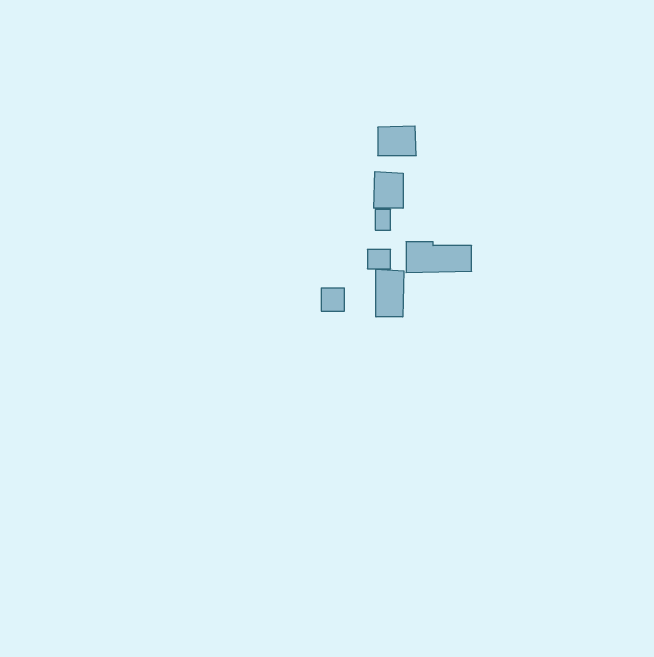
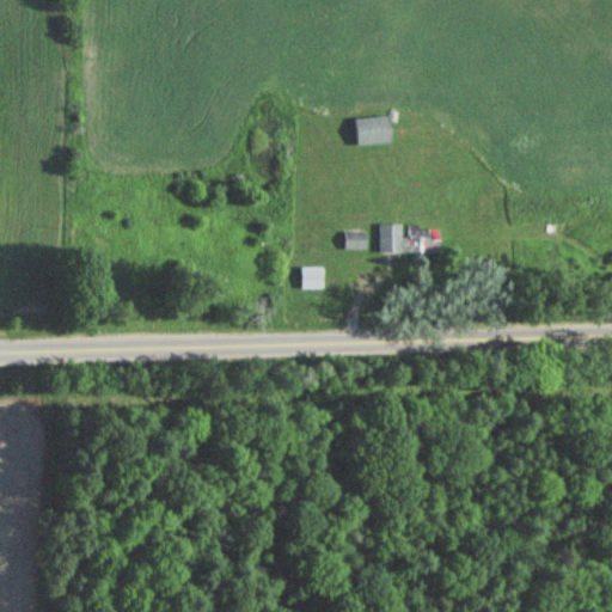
building: [374,172,403,208] -> none
building: [376,269,404,317] -> none

